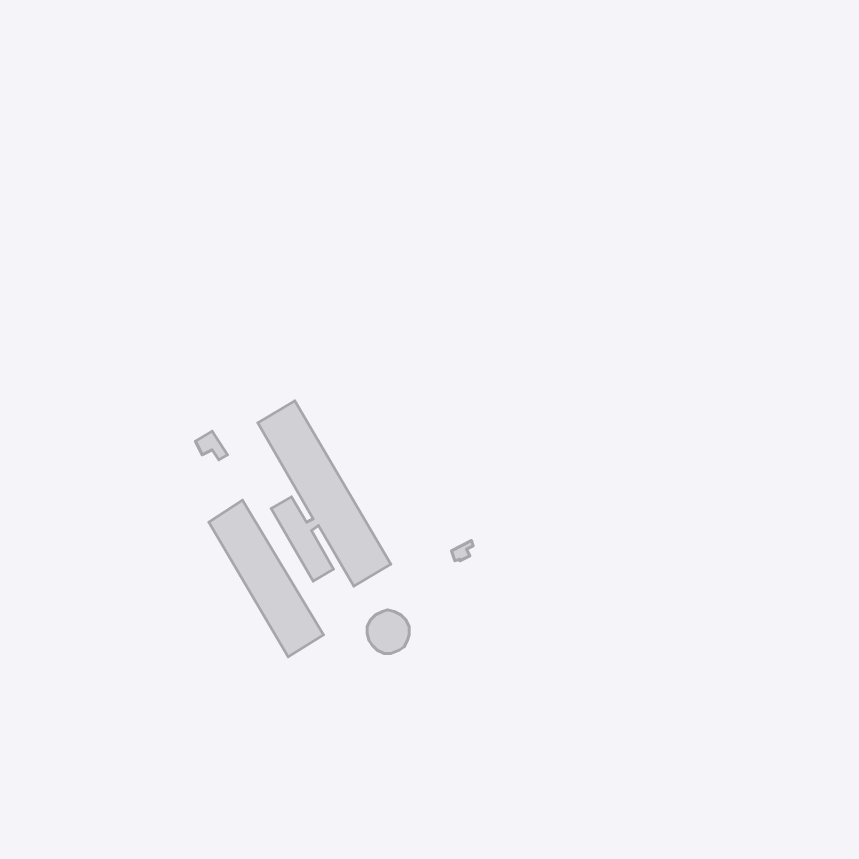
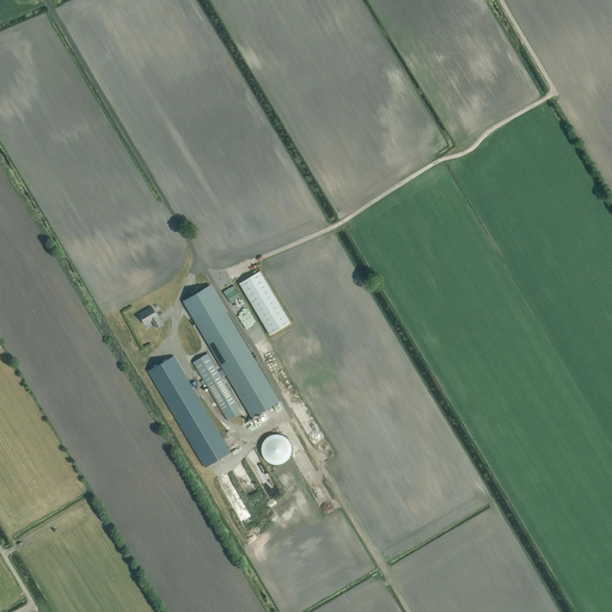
building: none -> [238,270,289,335]

